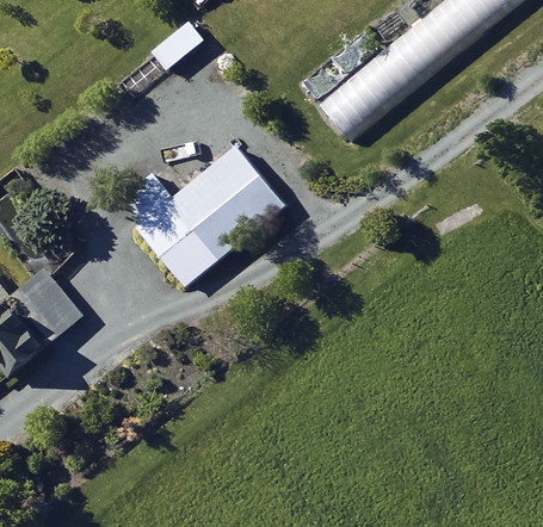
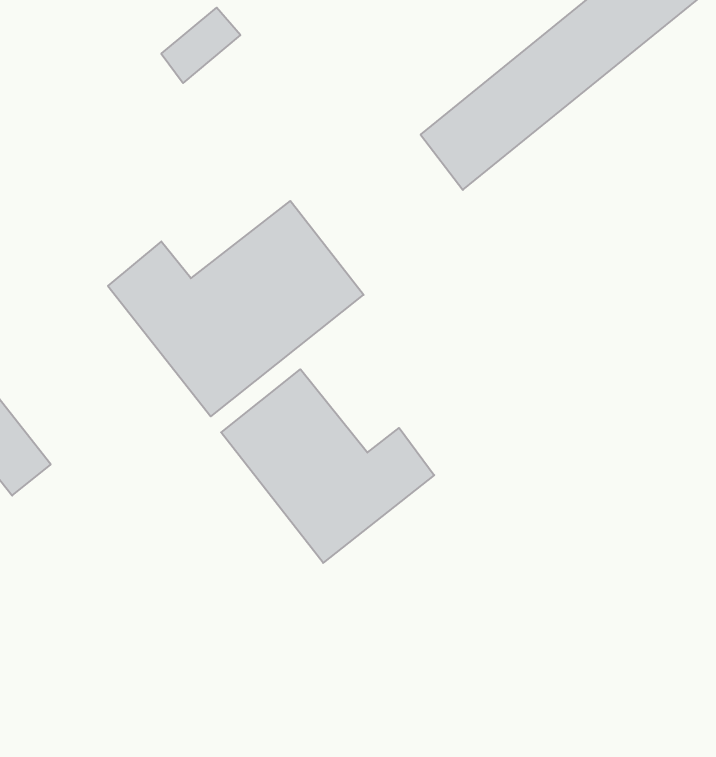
building: none -> [221,369,434,563]

